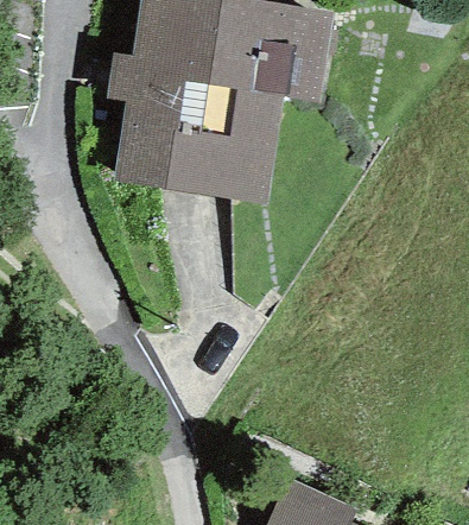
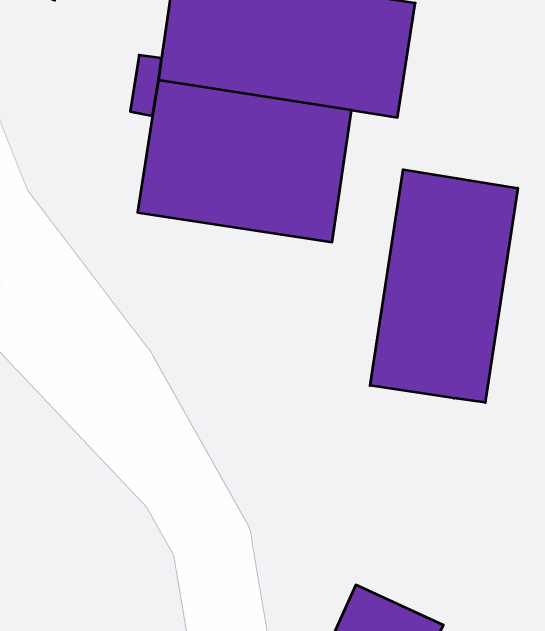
building: none -> [370,170,518,403]

